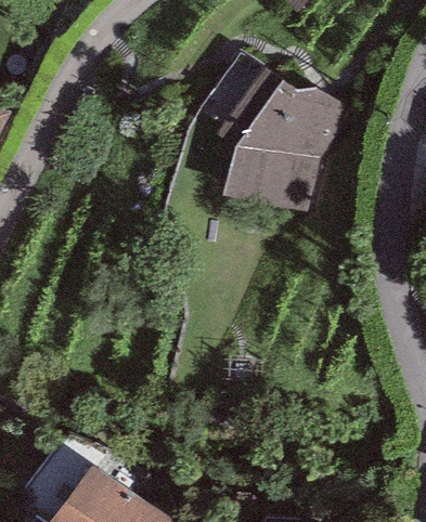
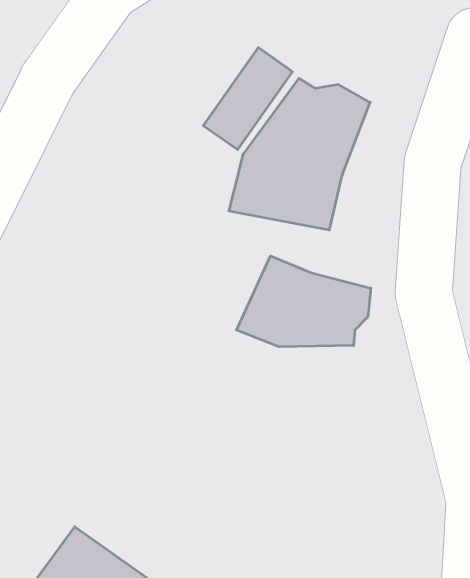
building: none -> [236,256,371,347]

